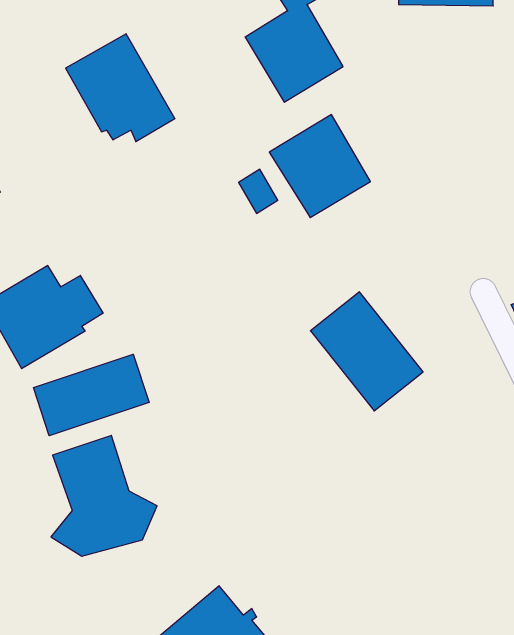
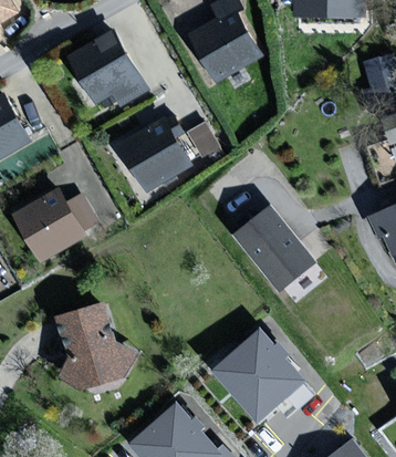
building: [269,115,370,218] -> [121,118,189,188]
building: [33,354,149,436] -> none
building: none -> [216,331,304,418]

